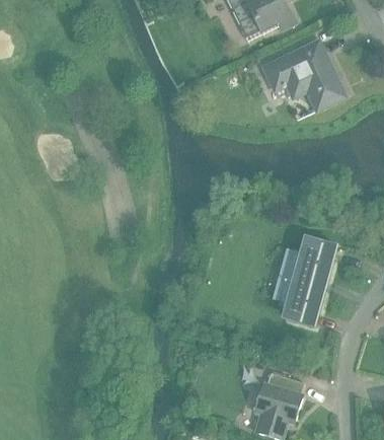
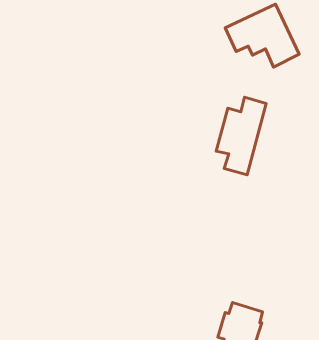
building: [279,238,334,324] -> [216,97,266,175]

